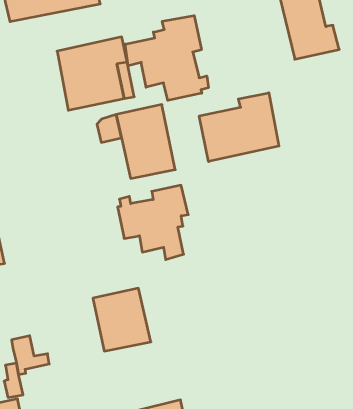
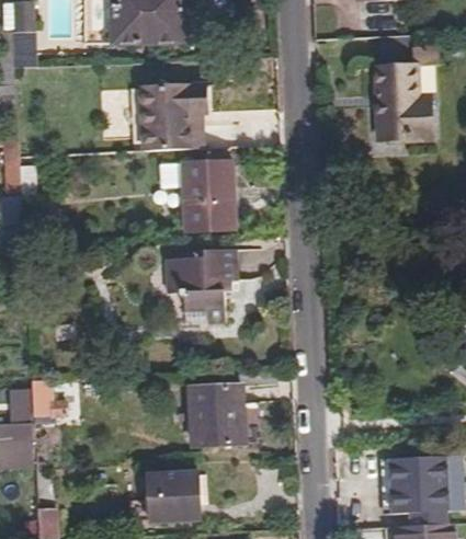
building: [125,16,208,100] -> none
building: [199,93,279,162] -> none
building: [93,288,151,351] -> [191,383,243,443]

